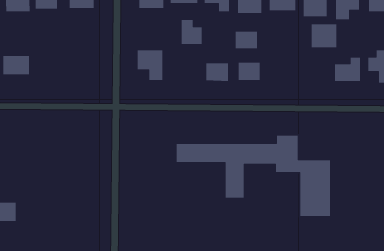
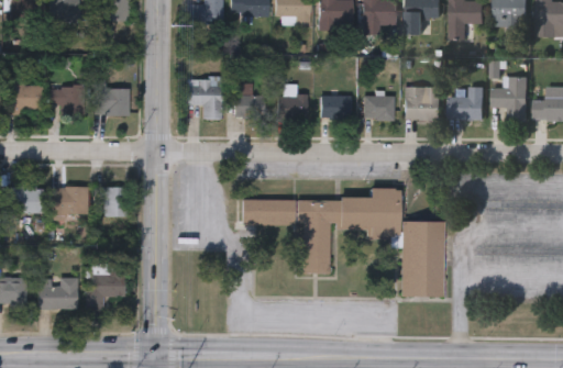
building: [181,19,203,45] -> [234,83,263,118]
building: [311,23,337,48] -> [404,87,439,120]
building: [235,31,258,49] -> [363,96,394,120]
building: none -> [48,85,85,111]
building: none -> [95,89,129,116]
building: none -> [10,188,44,215]
building: none -> [54,188,85,223]
building: none -> [96,188,129,219]
building: none -> [86,265,125,311]
building: none -> [38,279,78,311]

